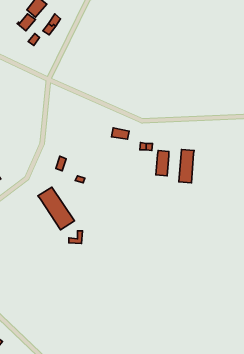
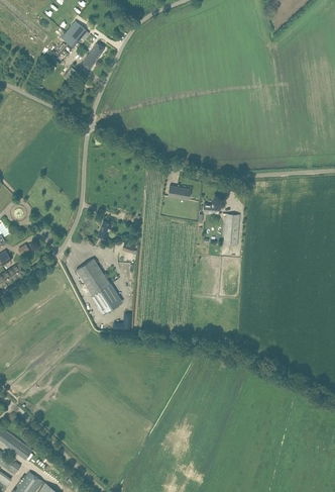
building: [179,150,194,183] -> none

